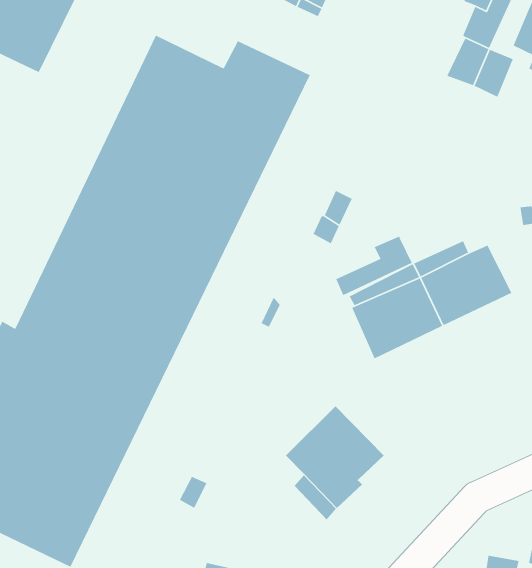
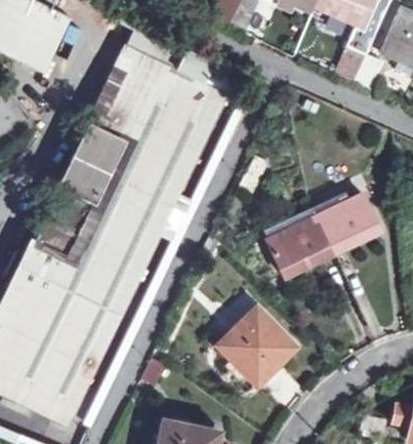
building: [335,235,413,296] -> none

